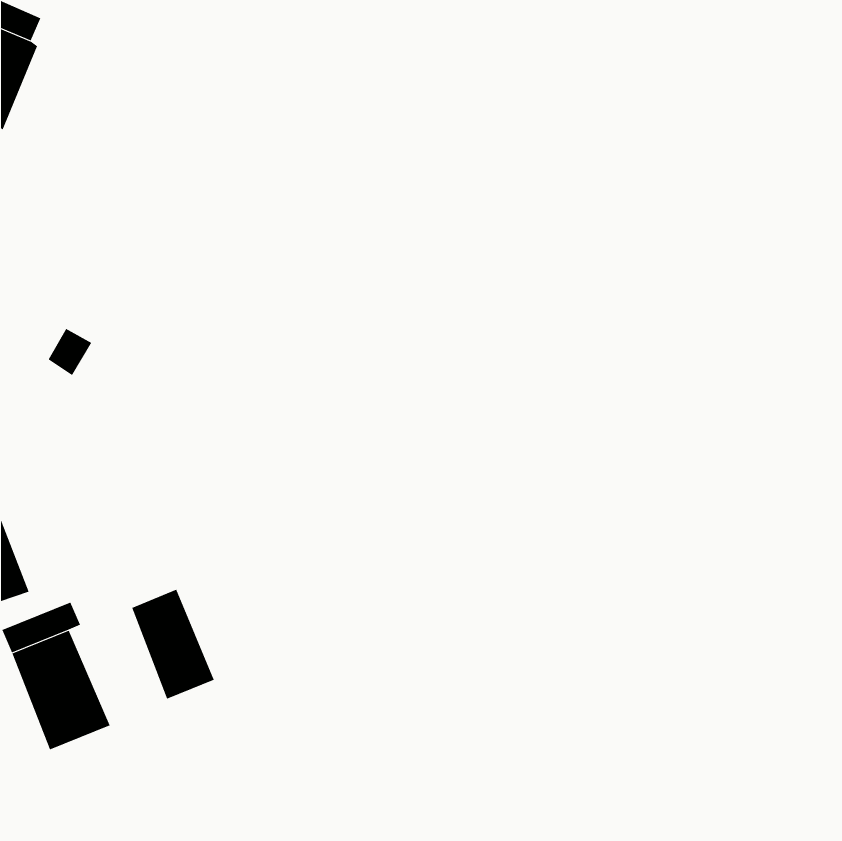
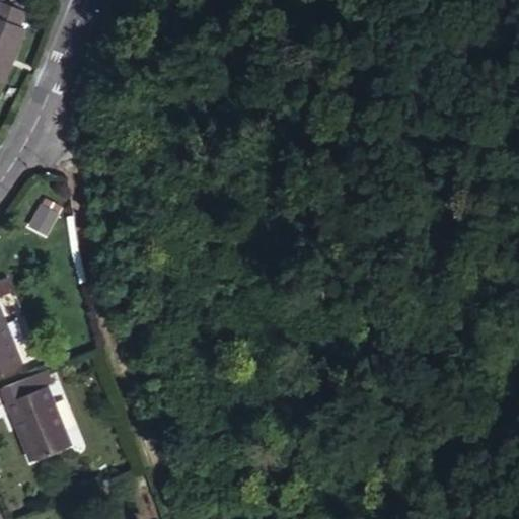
building: [132,589,215,700] -> none

